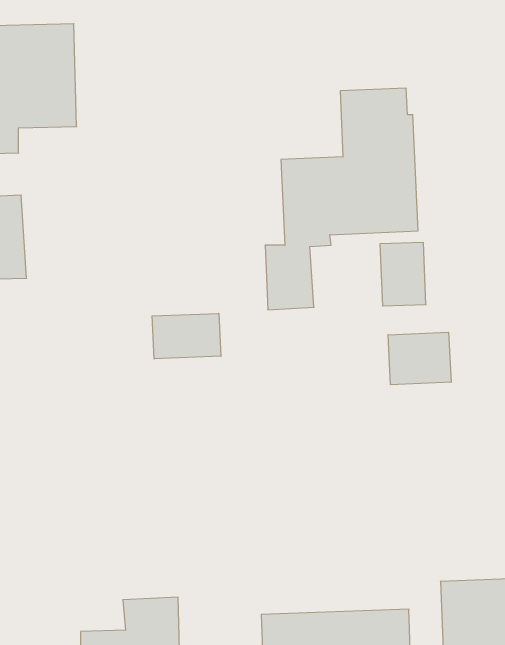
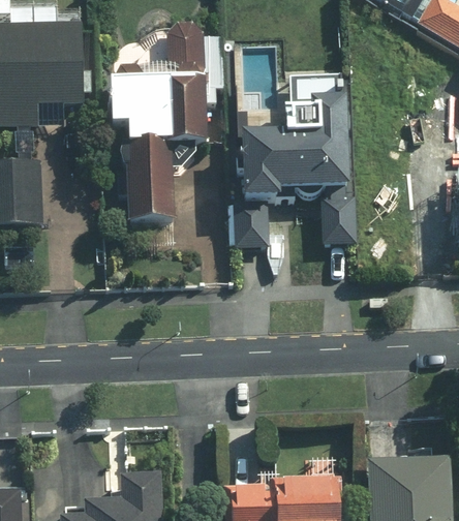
building: none -> [112,32,208,221]
building: [152,313,221,359] -> none
building: [388,332,451,385] -> none

